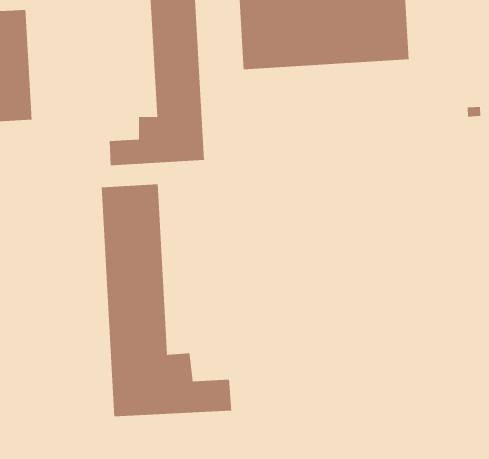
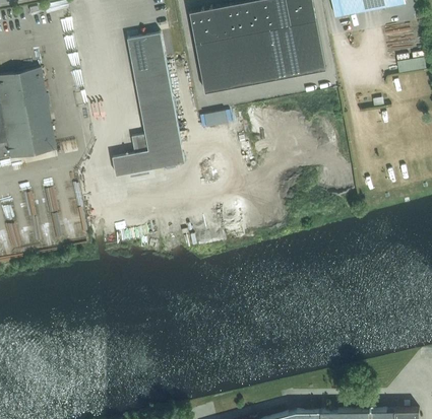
building: [101,183,232,417] -> none

